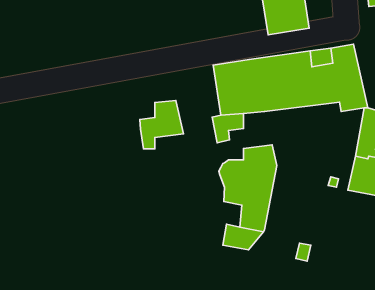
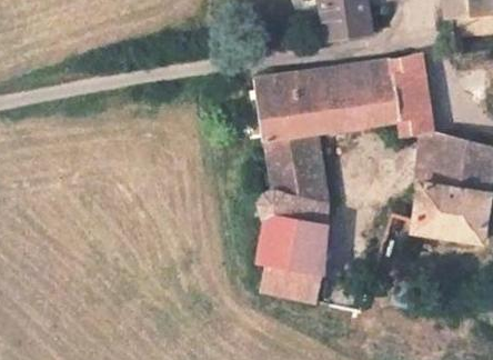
building: [140,101,183,149] -> [276,133,328,190]

